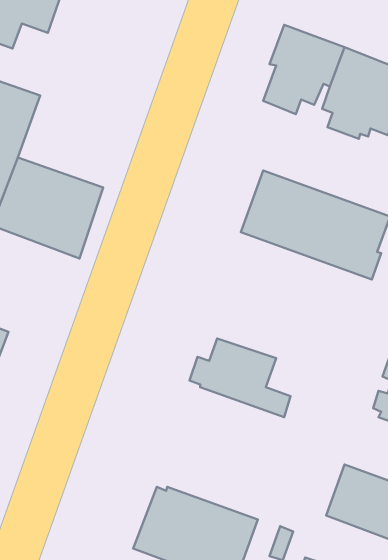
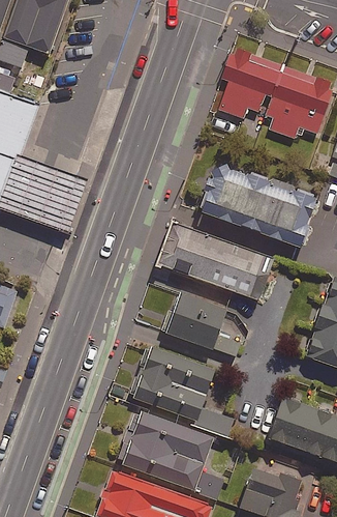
building: none -> [160,224,273,300]
building: none -> [130,347,235,437]

